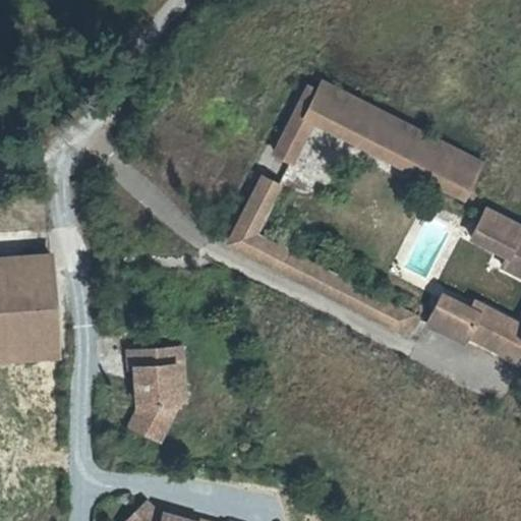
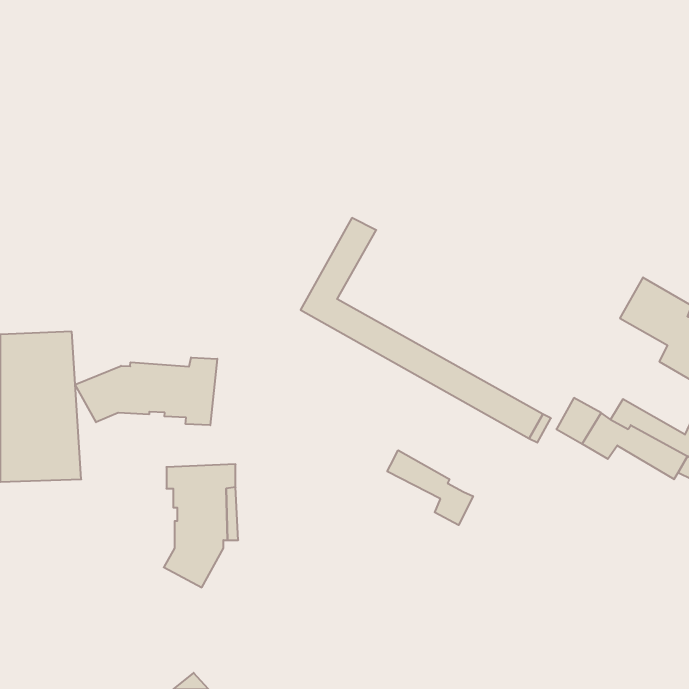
building: [274,75,477,199] -> none
building: none -> [75,357,217,425]
building: none -> [387,450,473,525]

